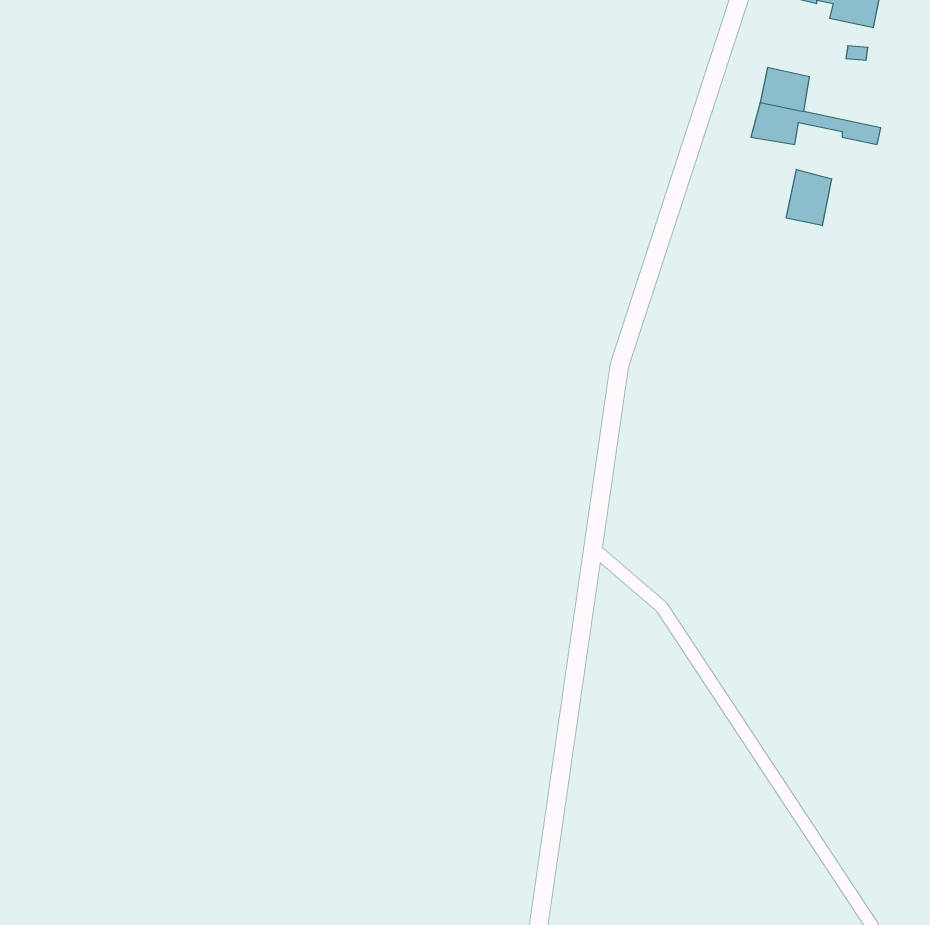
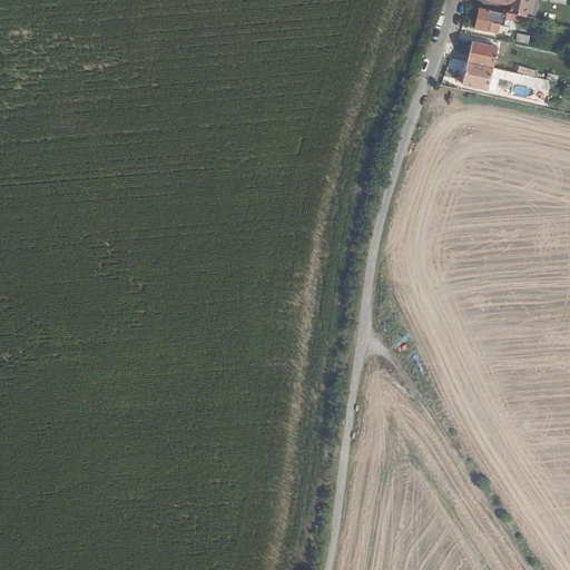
building: none -> [471,7,505,30]
building: [786,169,832,226] -> none

